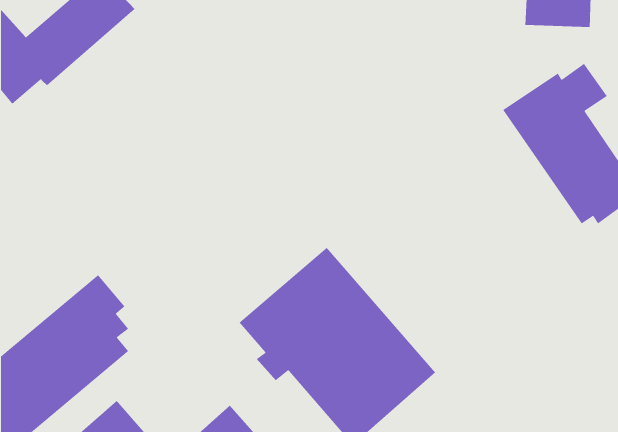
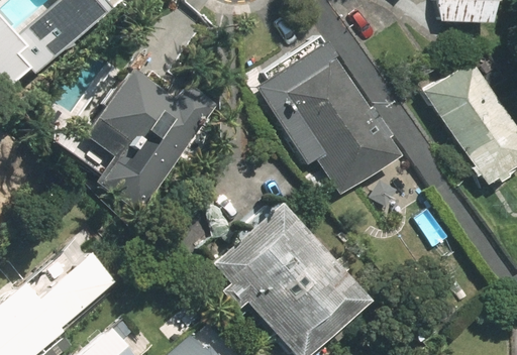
building: none -> [260,38,401,190]
building: none -> [35,69,206,214]

